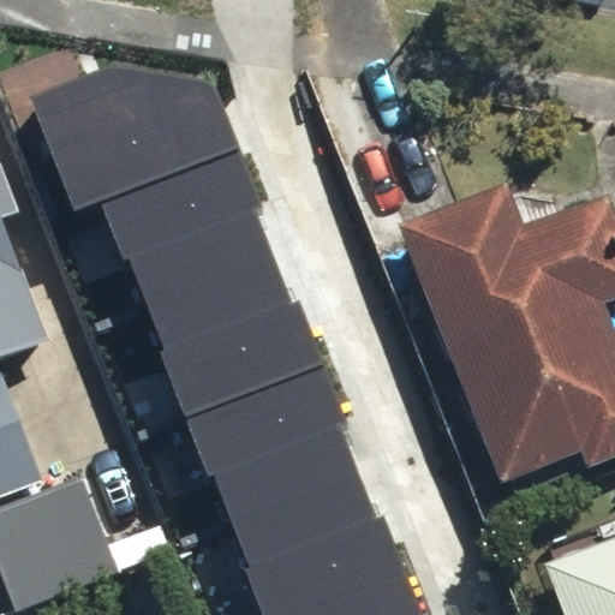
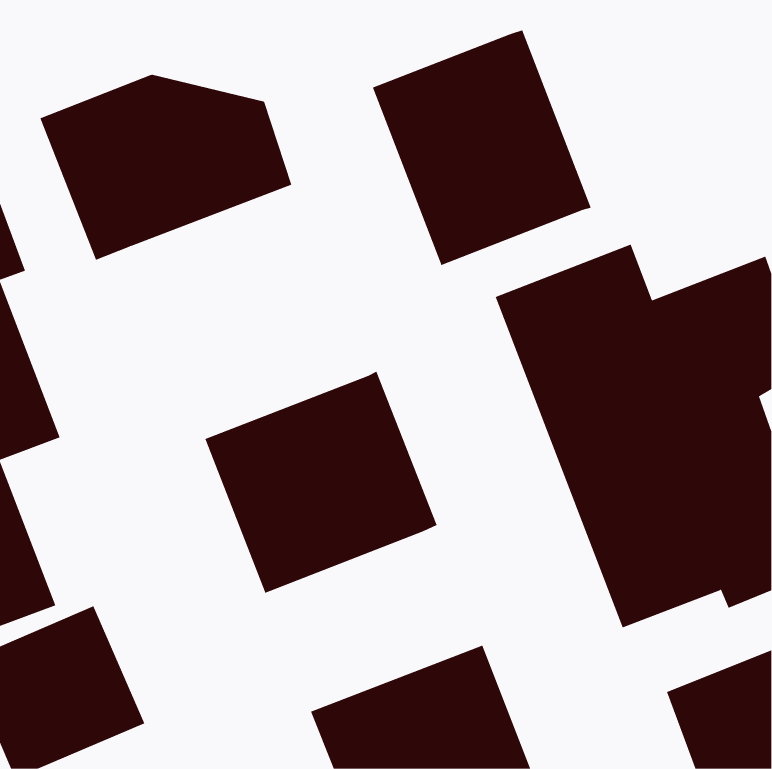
building: none -> [372,30,591,266]
building: [103,147,292,348] -> none
building: [210,422,374,565] -> none

